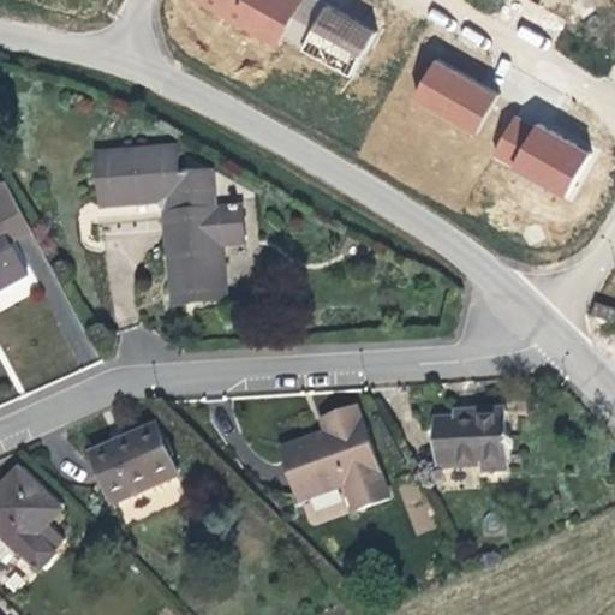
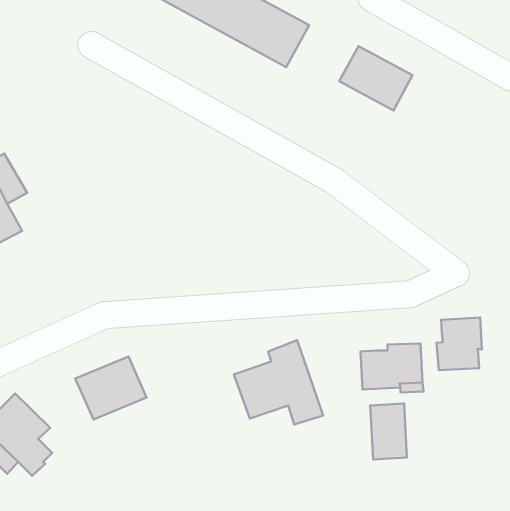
building: [485,109,586,196] -> none
building: [100,141,235,291] -> none
building: none -> [437,318,482,370]
building: none -> [370,404,407,460]

